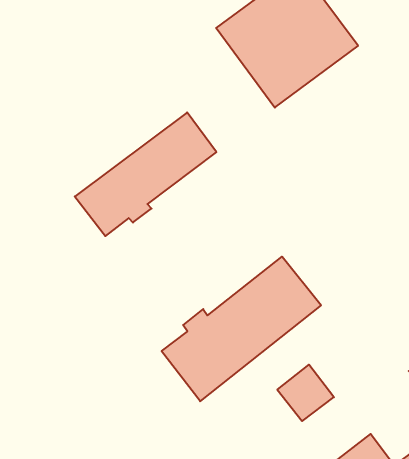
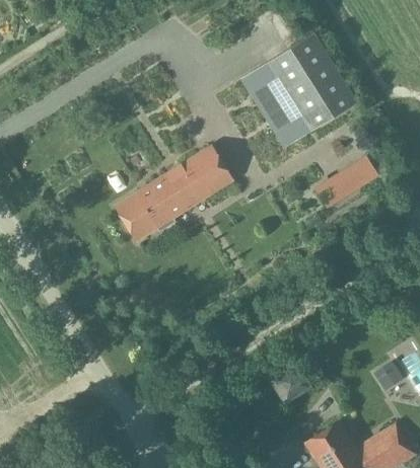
building: none -> [314,155,379,209]
building: [162,257,321,401] -> none

